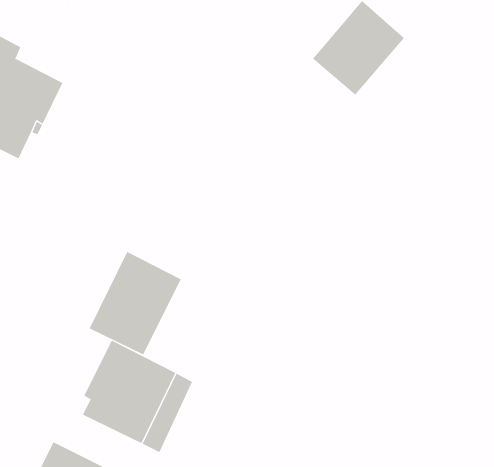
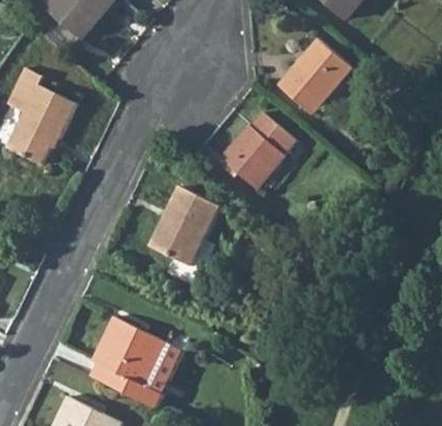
building: none -> [218,114,295,191]
building: [89,251,181,355] -> [149,183,225,267]

